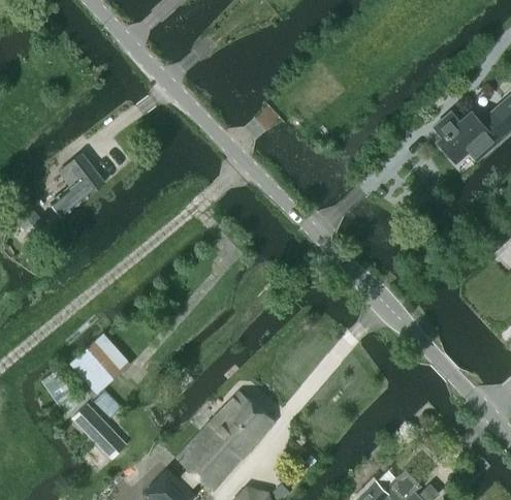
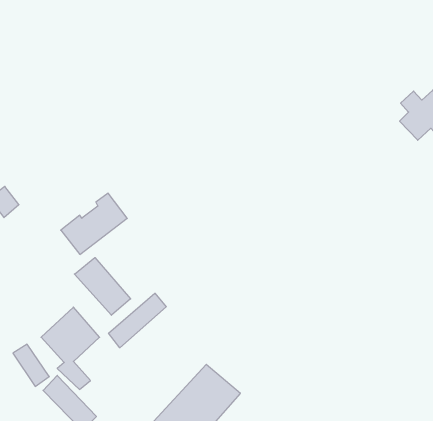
building: [37,157,105,220] -> [61,193,127,254]
building: none -> [74,258,131,315]
building: none -> [109,293,166,348]

